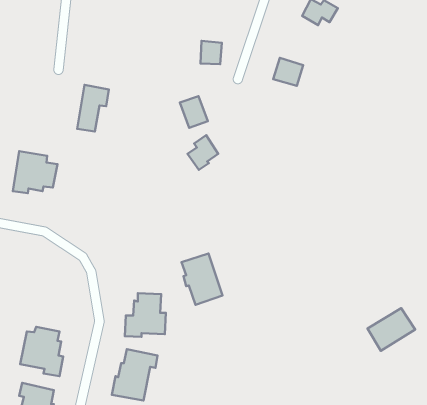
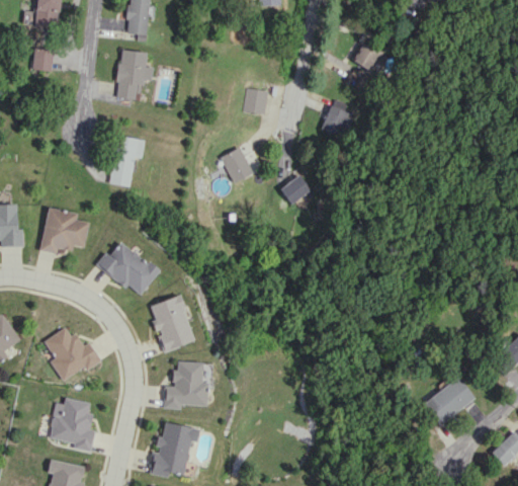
building: none -> [32,49,53,75]
building: none -> [116,50,152,99]
building: [188,135,218,170] -> [280,168,314,206]
building: none -> [95,242,158,295]
building: [182,254,223,305] -> [149,296,193,351]
building: none -> [45,327,101,381]

